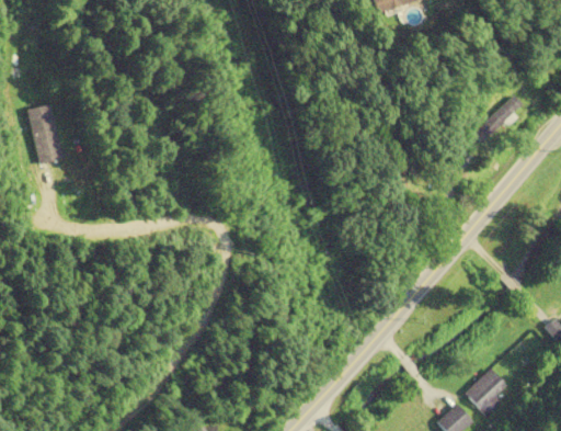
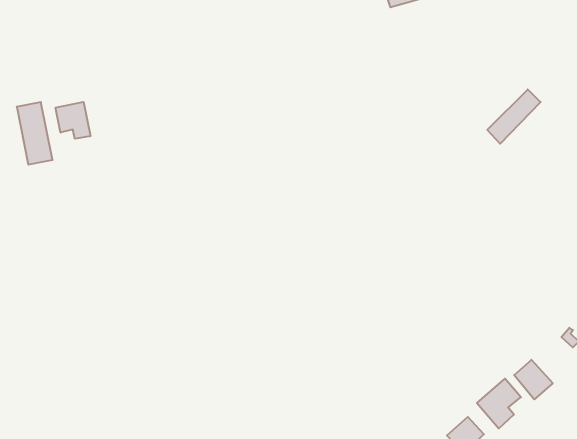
building: none -> [56,102,90,139]
building: none -> [514,360,553,399]

